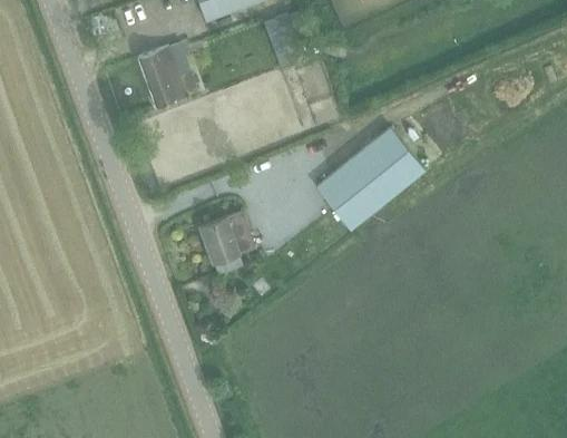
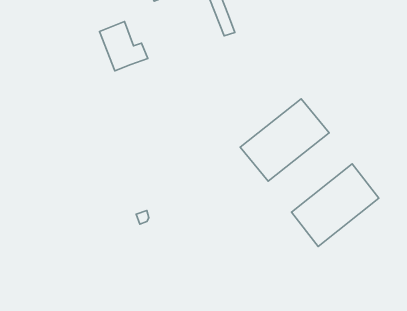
building: [199,206,254,267] -> none
building: none -> [292,164,379,246]

